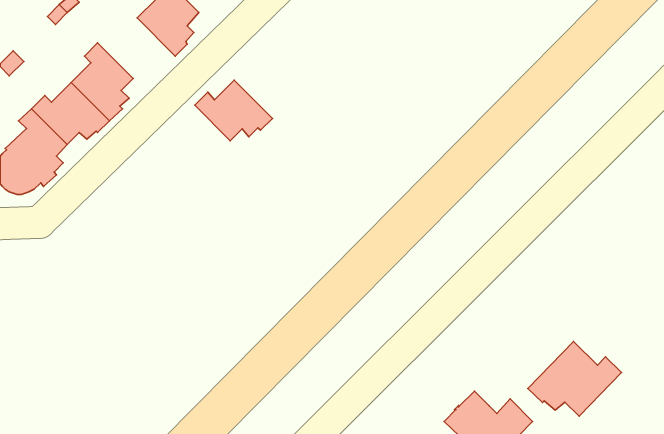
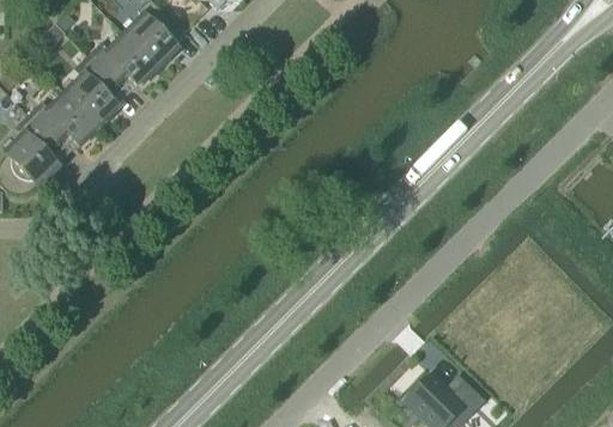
building: [195,80,272,141] -> [90,35,160,90]
building: [528,342,621,416] -> none

